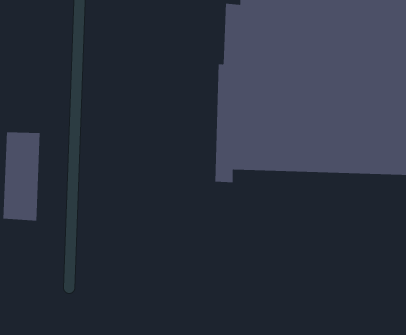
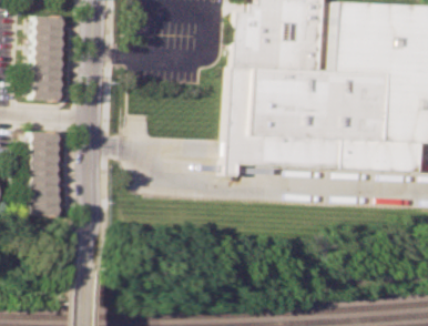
building: none -> [30,17,67,100]

